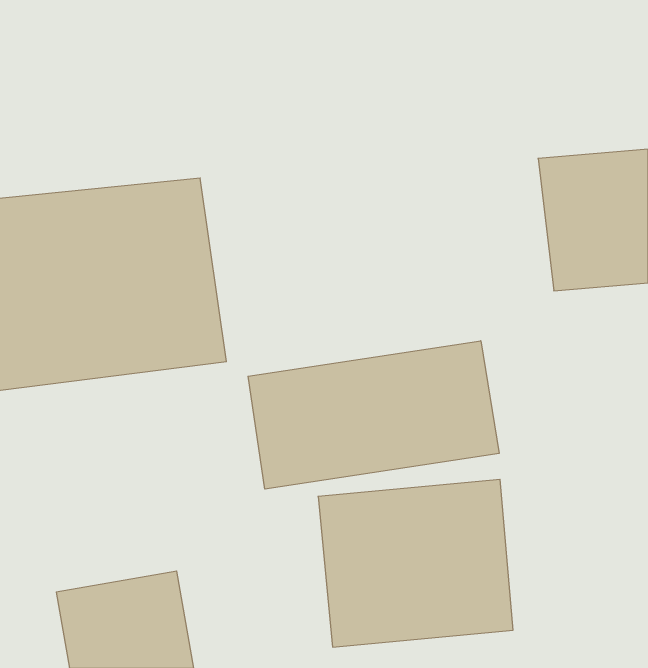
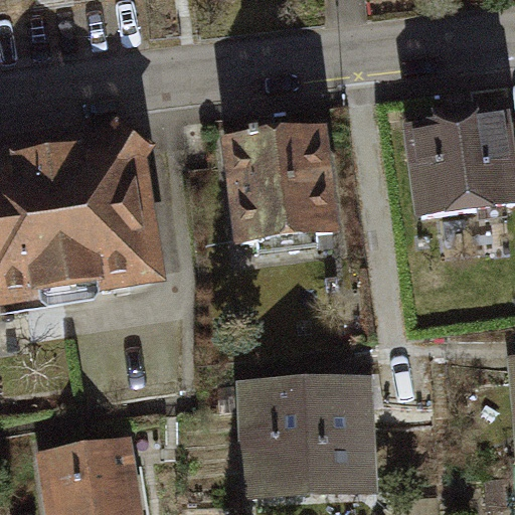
building: none -> [221,121,354,254]
building: [248,341,499,489] -> none

